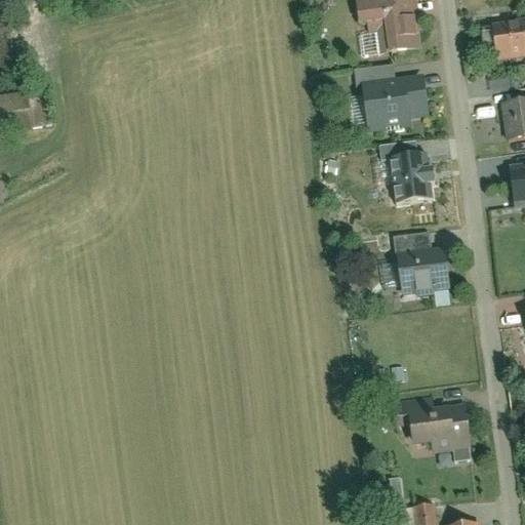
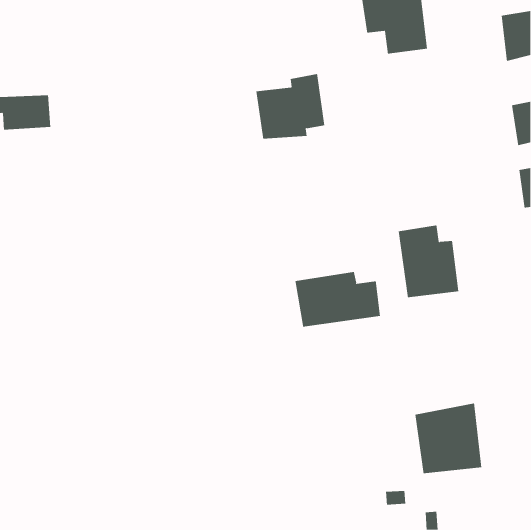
building: [362,63,431,127] -> [255,74,325,139]
building: [381,142,429,203] -> none
building: none -> [295,271,380,327]

